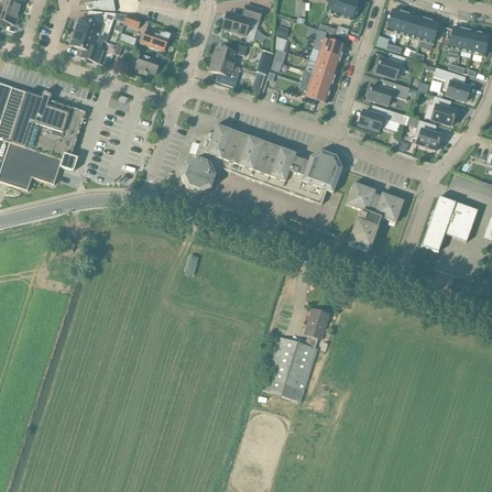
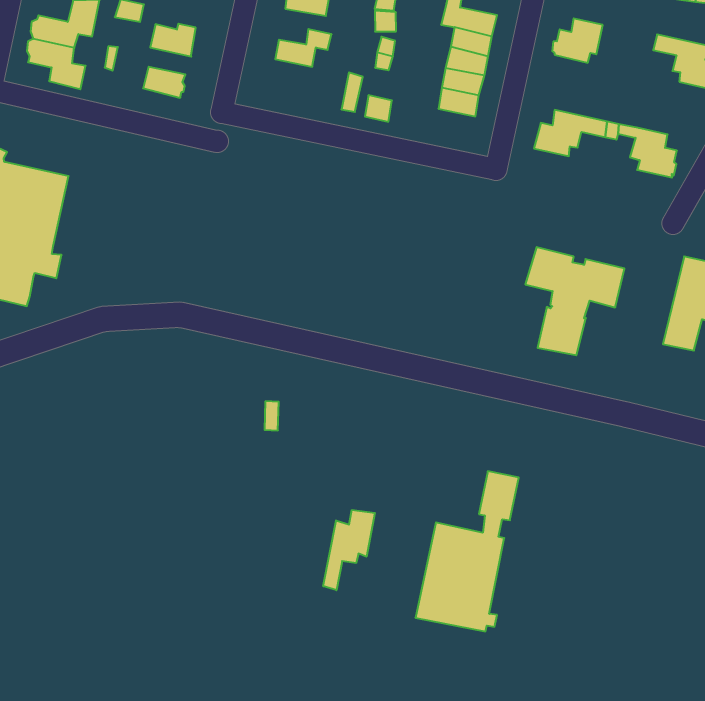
building: [209,57,239,87] -> none
building: [365,78,409,105] -> none
building: [430,95,455,125] -> none
building: [181,123,341,203] -> none
building: none -> [323,510,375,590]

